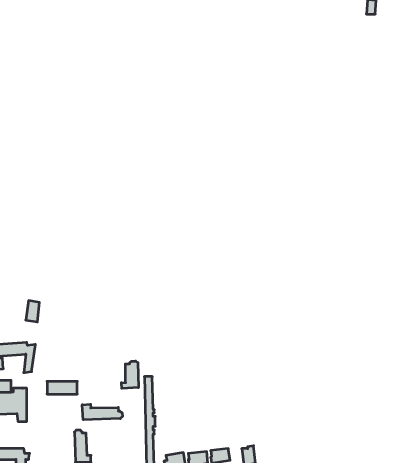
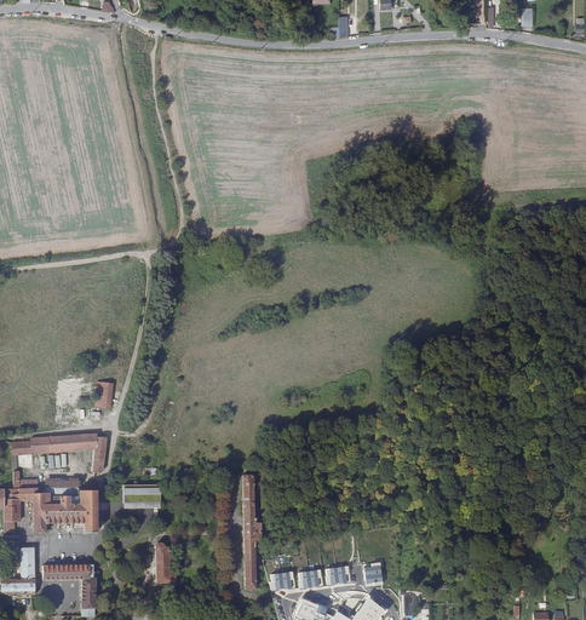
building: [121,361,138,388] -> none
building: [82,404,122,420] -> none

